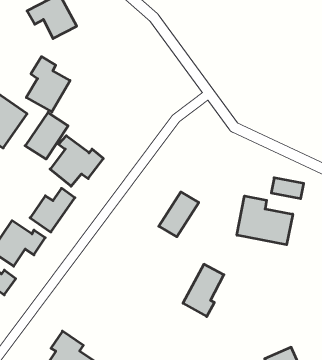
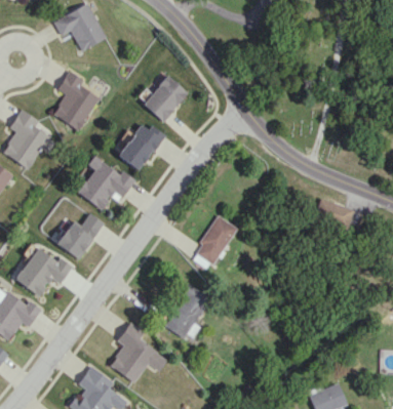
building: none -> [143,76,189,121]
building: [25,112,68,159] -> [118,121,164,171]
building: [237,196,293,245] -> none
building: [183,264,224,317] -> [166,285,210,341]
building: none -> [111,323,168,382]

